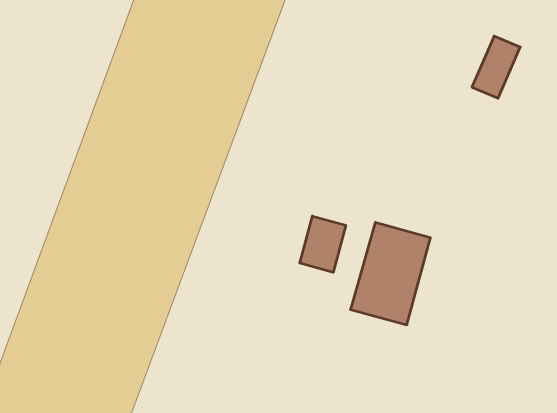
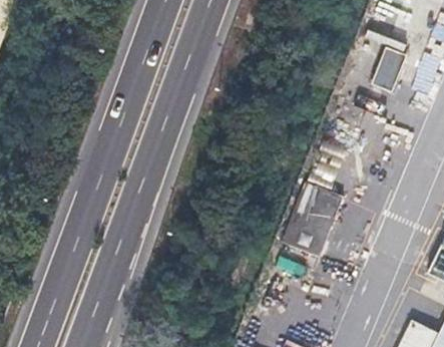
building: [300,216,346,272] -> none

